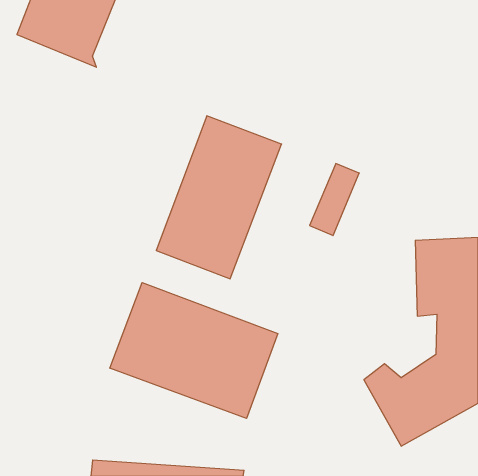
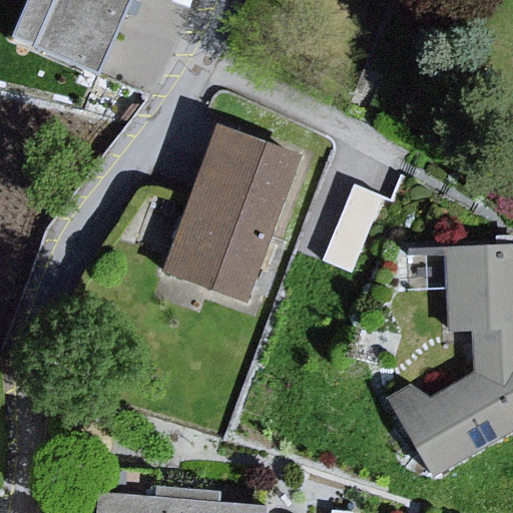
building: [110,283,278,418] -> none

